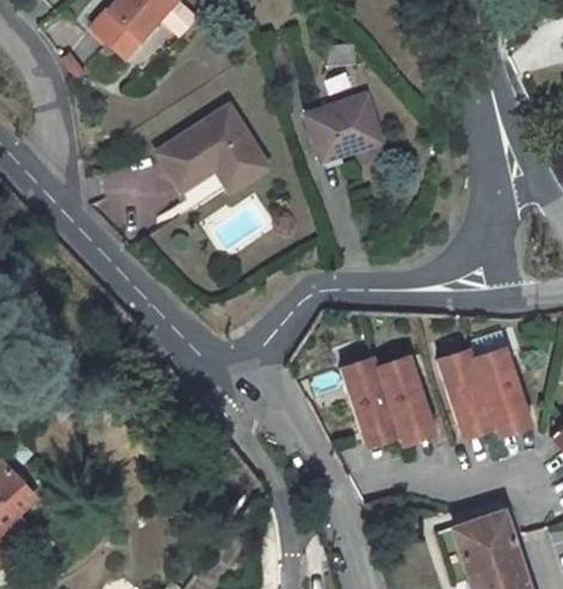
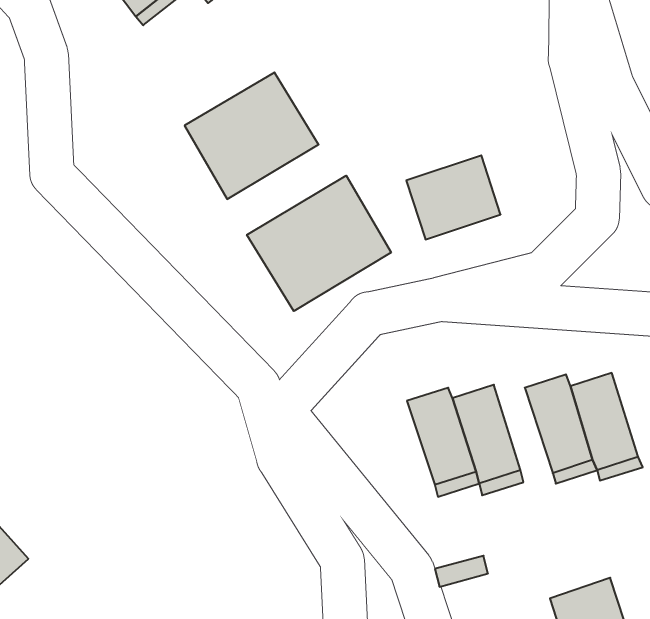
building: [309,95,386,163] -> [406,155,501,239]
building: none -> [247,176,391,311]

